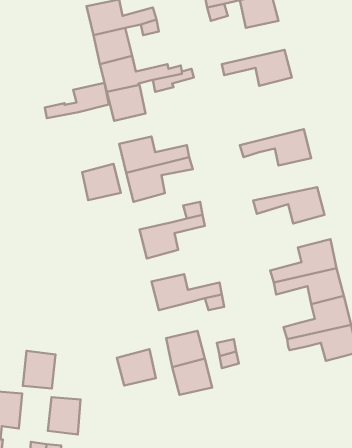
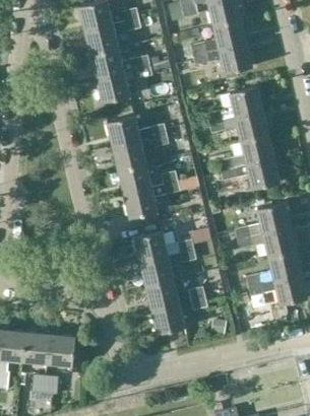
building: none -> [190,18,246,55]
building: [45,83,109,118] -> none
building: none -> [206,86,262,123]
building: none -> [218,134,273,169]
building: [82,164,121,200] -> [119,163,151,194]
building: [117,349,156,385] -> [140,255,173,285]
building: [23,351,56,388] -> [22,332,50,363]

